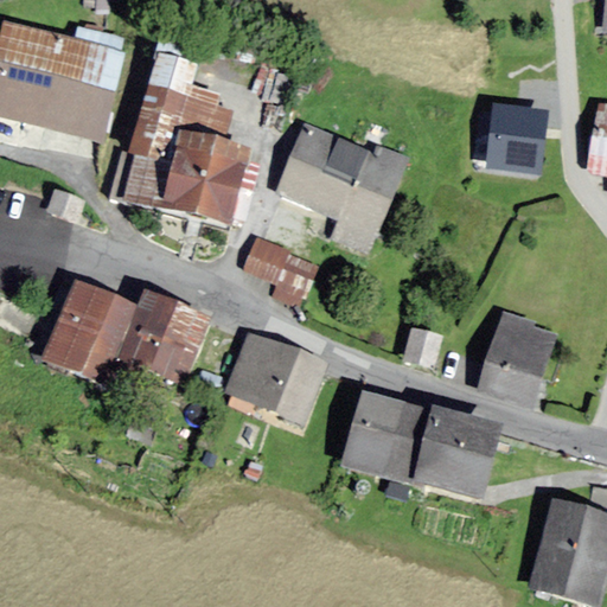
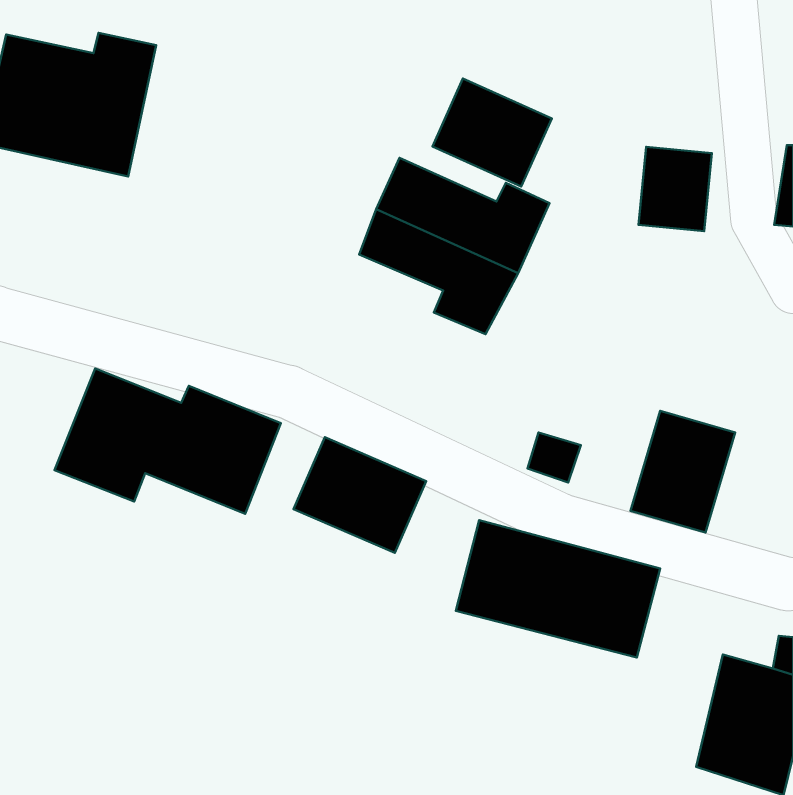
building: [115,32,253,228] -> none
building: none -> [432,78,552,187]
building: [242,237,318,306] -> none

